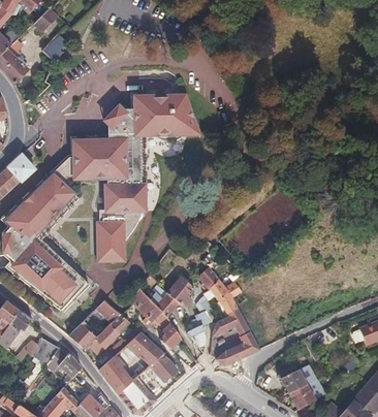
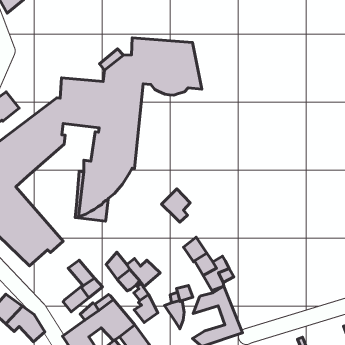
building: [166,277,192,307] -> [161,189,190,222]
building: [68,316,96,349] -> none

